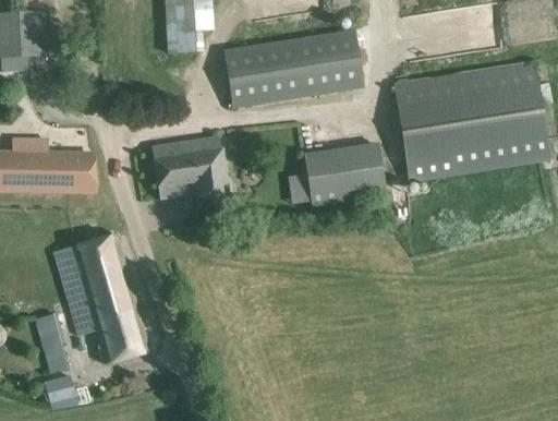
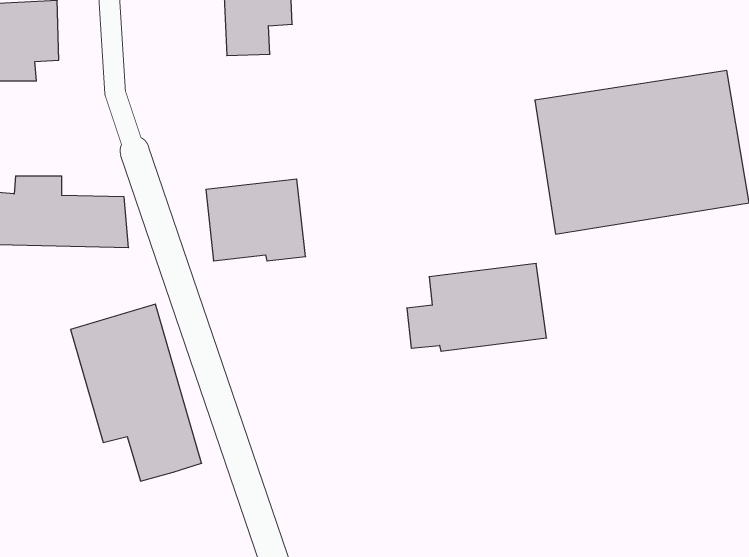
building: [223,31,360,107] -> none
building: [289,140,391,204] -> [407,264,547,351]
building: [35,312,68,372] -> none
building: [44,374,75,402] -> none

